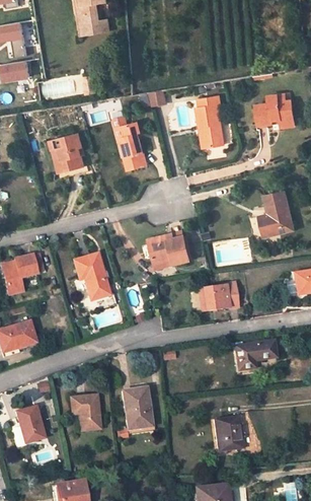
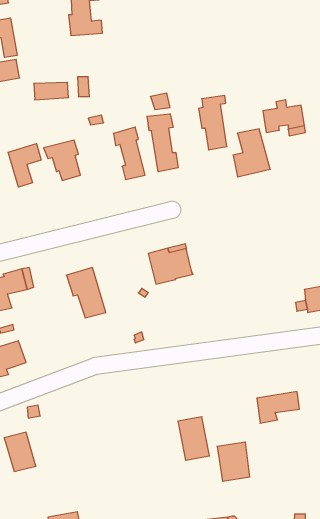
building: none -> [147,114,178,172]
building: none -> [8,144,41,187]
building: [259,192,294,236] -> [233,129,270,177]
building: [198,283,238,312] -> none
building: [234,341,274,370] -> [257,392,299,423]
building: [123,388,152,429] -> [178,417,210,460]
building: [71,395,100,431] -> none

